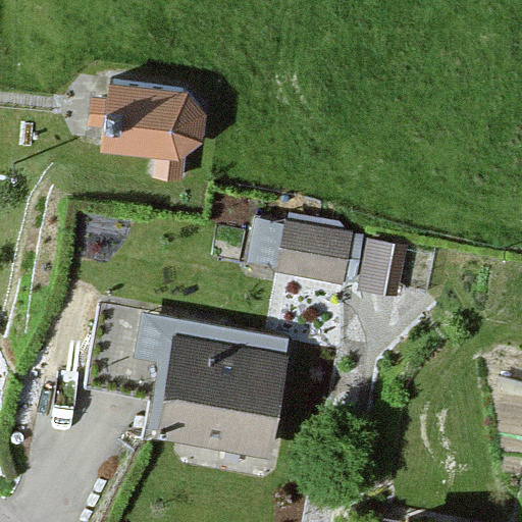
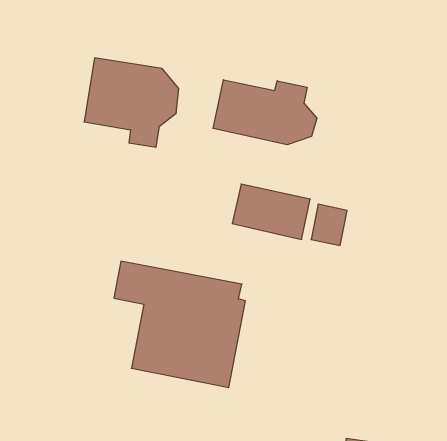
building: none -> [213,80,317,145]

